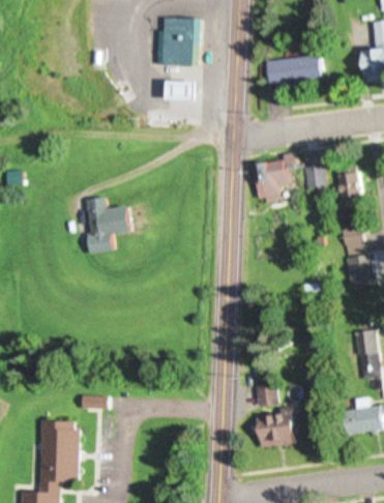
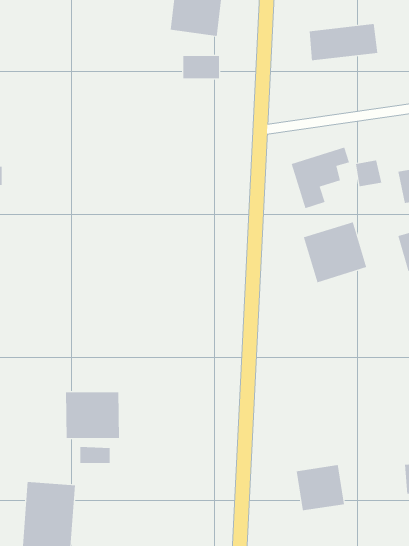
building: [85,198,129,253] -> none
building: none -> [303,221,367,283]
building: none -> [65,391,119,439]
building: [257,382,279,406] -> none

